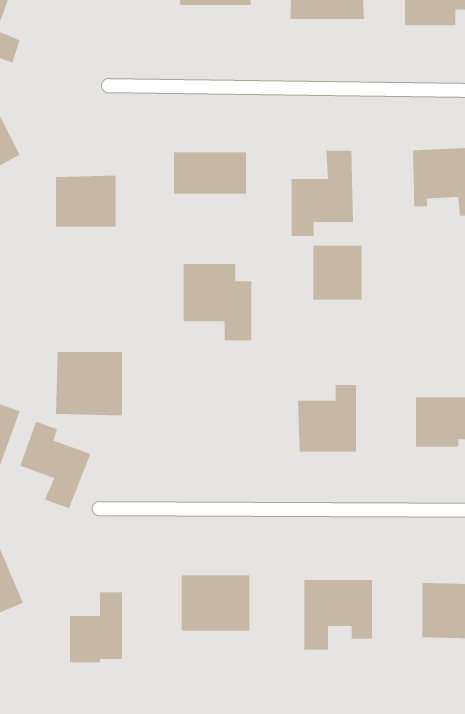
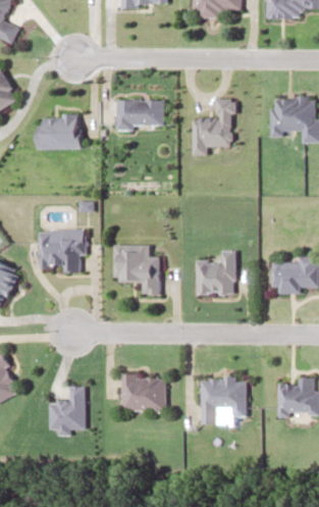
building: [313,245,362,300] -> none
building: [183,264,252,341] -> [116,245,161,295]
building: [19,421,91,509] -> none

